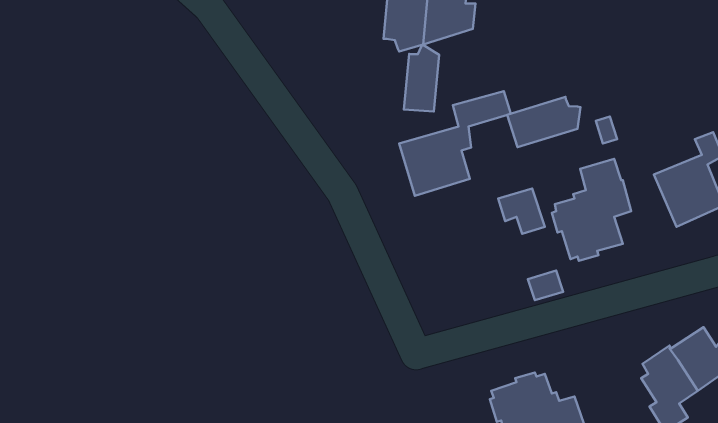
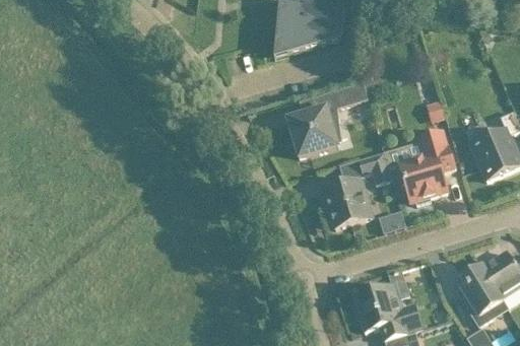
building: [404,45,439,112] -> none
building: [507,97,580,147] -> none
building: none -> [321,176,367,225]

